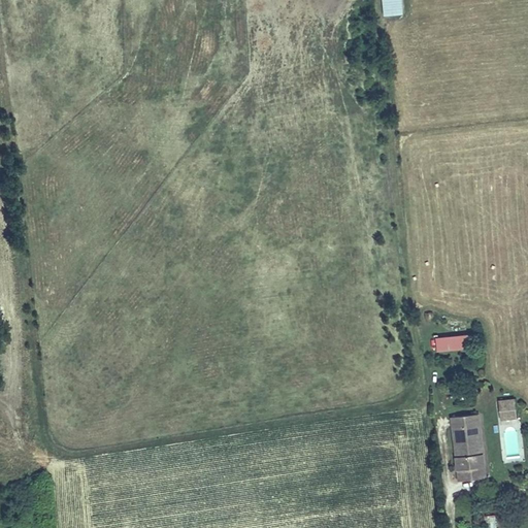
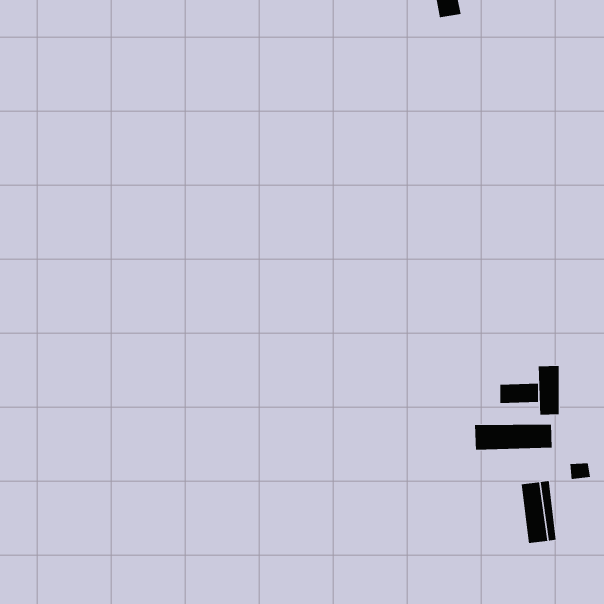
building: none -> [538,365,559,415]
building: none -> [475,424,552,451]

